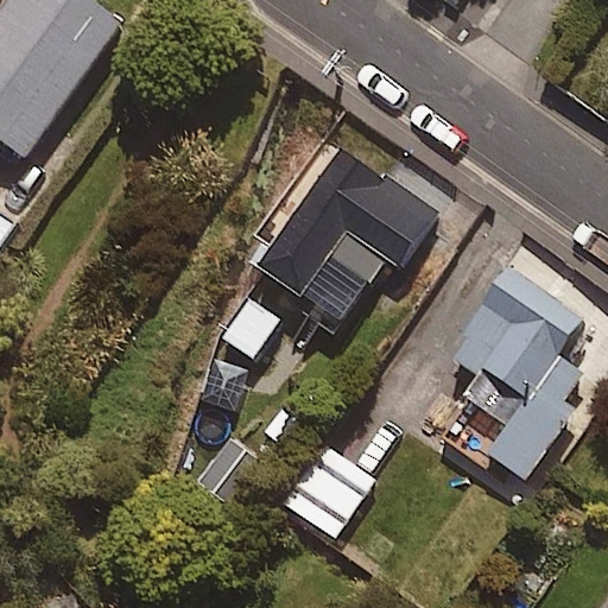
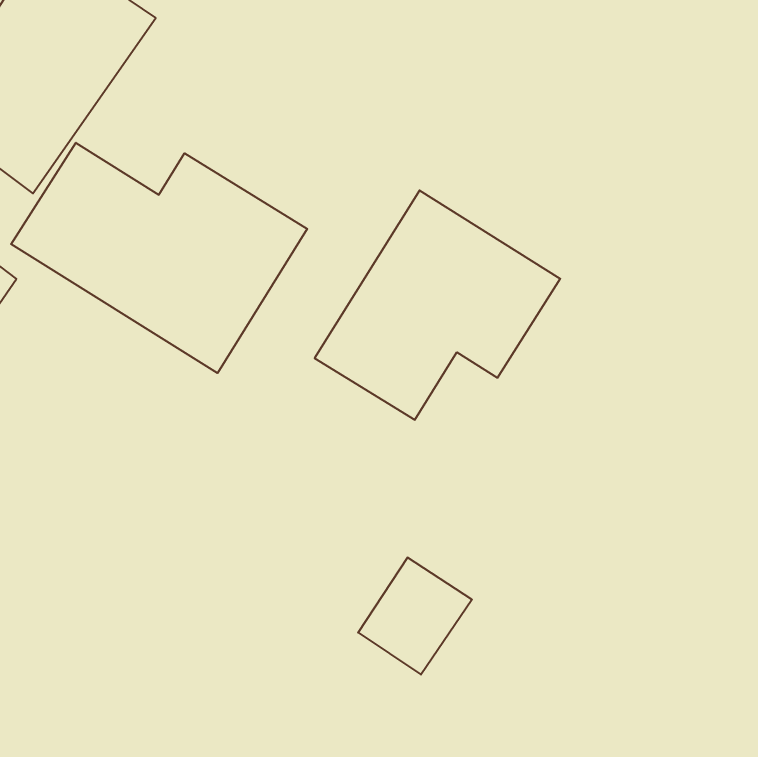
building: none -> [11,143,307,373]
building: [445,265,581,475] -> none

